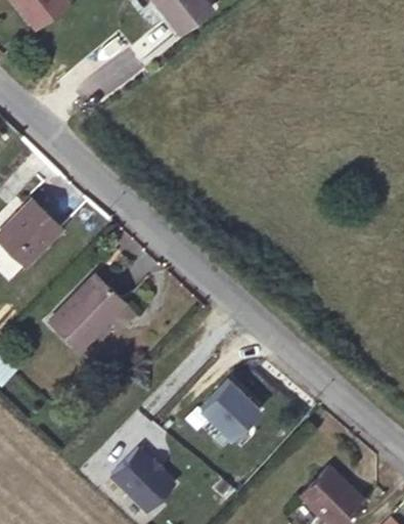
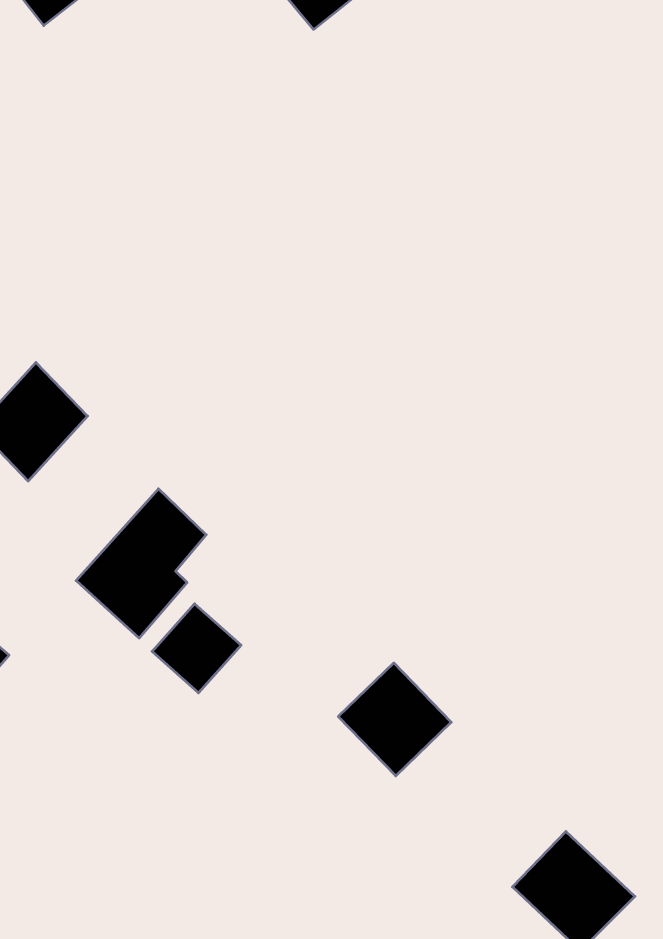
building: none -> [152,604,241,693]
building: [106,437,169,500] -> none

